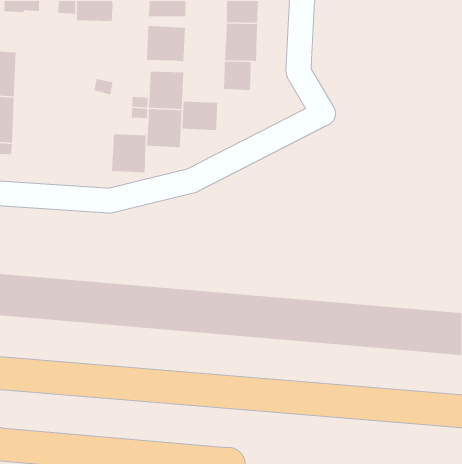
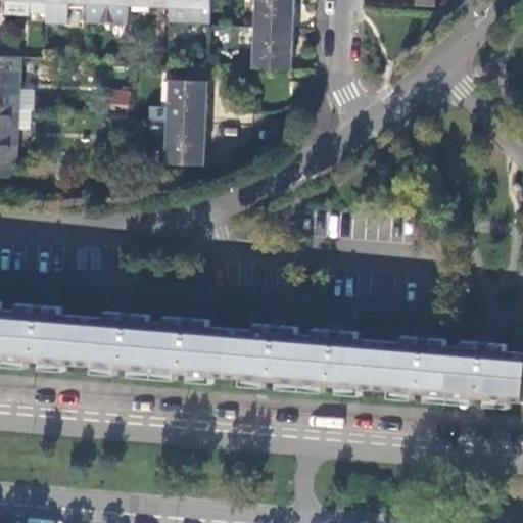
building: [146,25,186,62] -> none
building: [223,61,252,91] -> none
building: [182,101,218,131] -> none
building: [111,133,146,173] -> none

